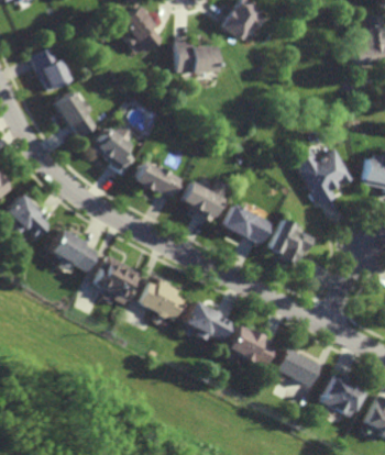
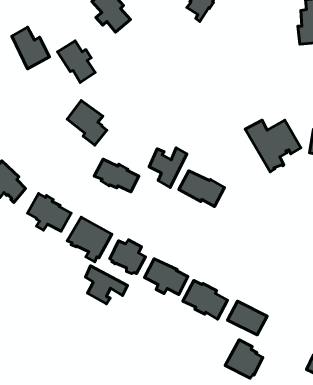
building: [182,41,224,73] -> none
building: [59,90,101,136] -> [57,41,95,82]
building: [139,160,188,197] -> [94,159,139,192]
building: [268,219,314,264] -> none
building: none -> [85,266,128,304]
building: [320,375,362,418] -> [225,340,263,378]

